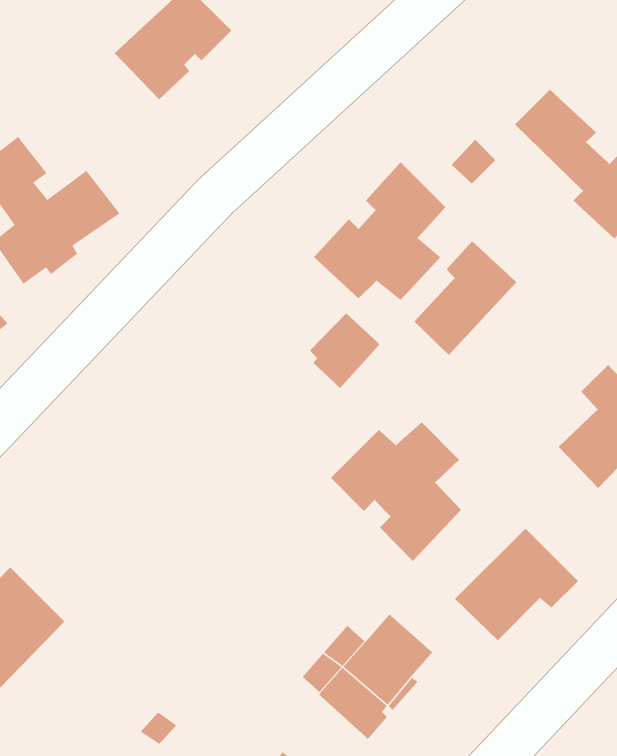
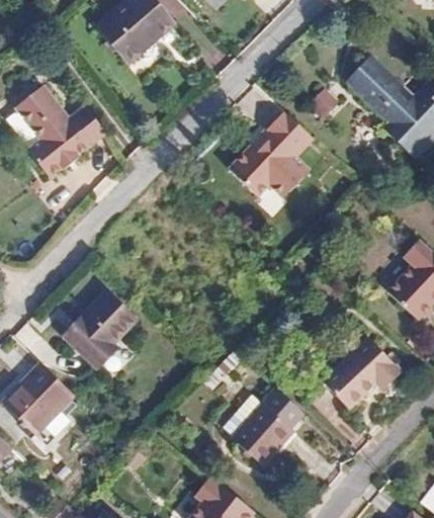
building: [414,241,517,356] -> none
building: [309,312,380,389] -> none
building: [330,422,462,562] -> none
building: none -> [66,290,139,367]

